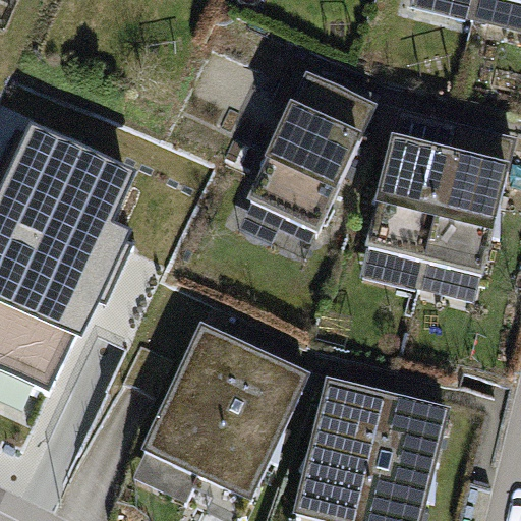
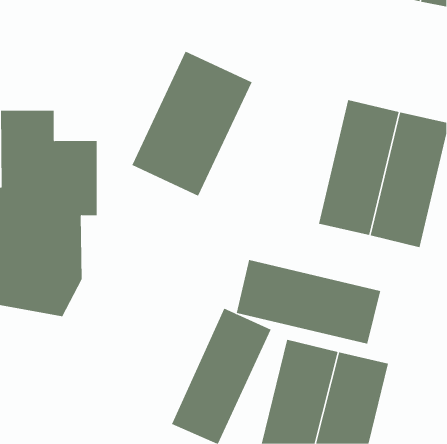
building: [241,75,379,241] -> [131,51,252,197]
building: none -> [236,259,381,344]
building: [139,326,254,482] -> none

